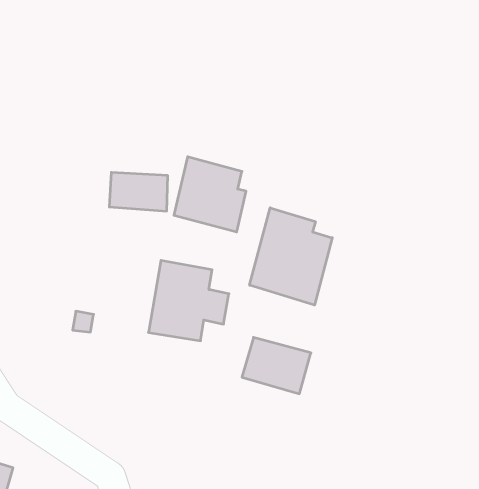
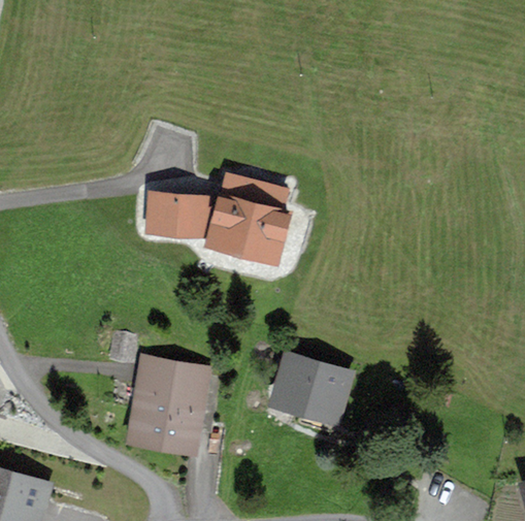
building: [250,208,332,305] -> none
building: [148,260,229,341] -> [136,363,216,443]

